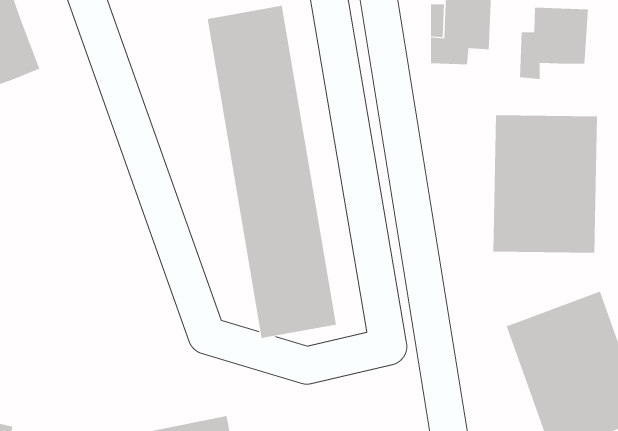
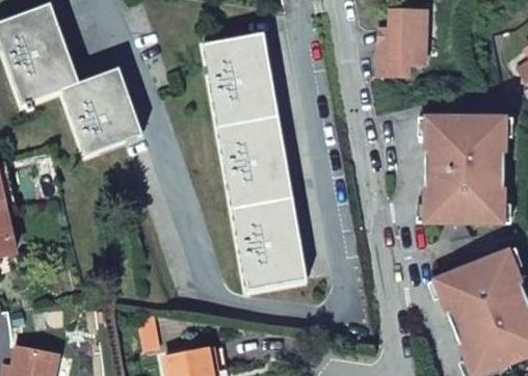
building: [519,7,588,80] -> none
building: none -> [57,69,137,156]

